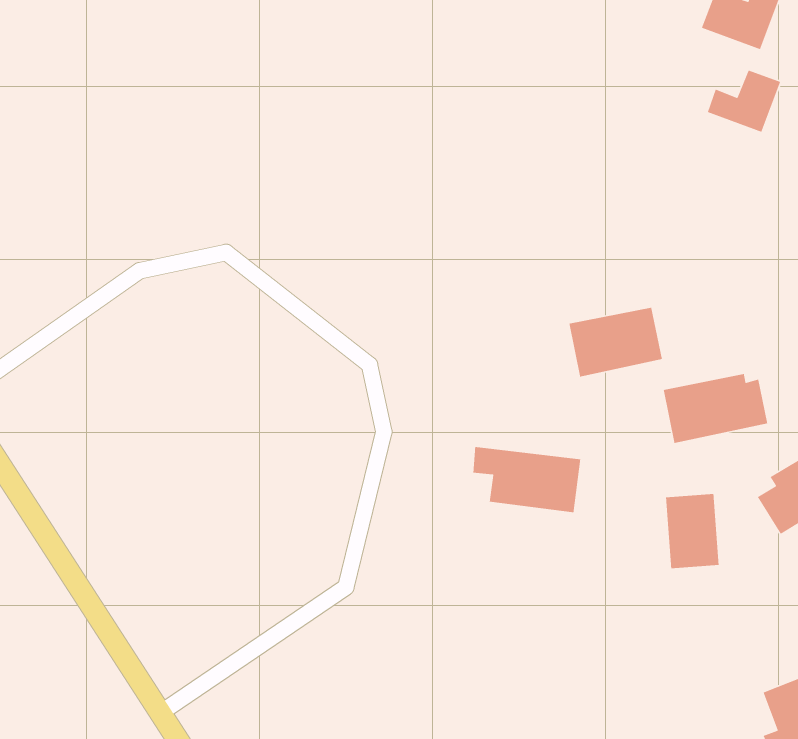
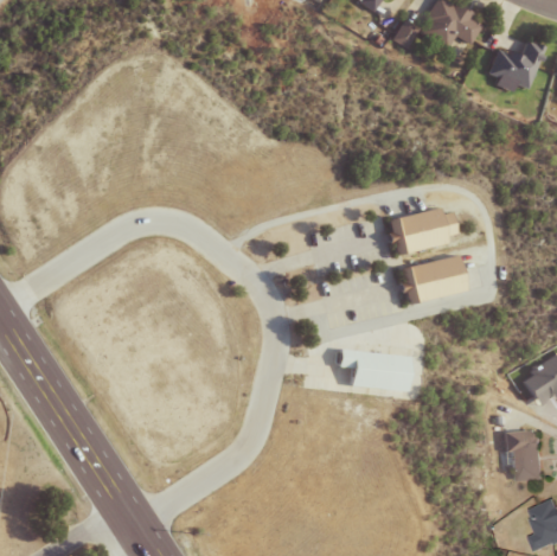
building: [707,69,781,133] -> none
building: [663,373,768,444] -> [386,207,455,254]
building: [665,493,719,569] -> [507,430,543,480]

